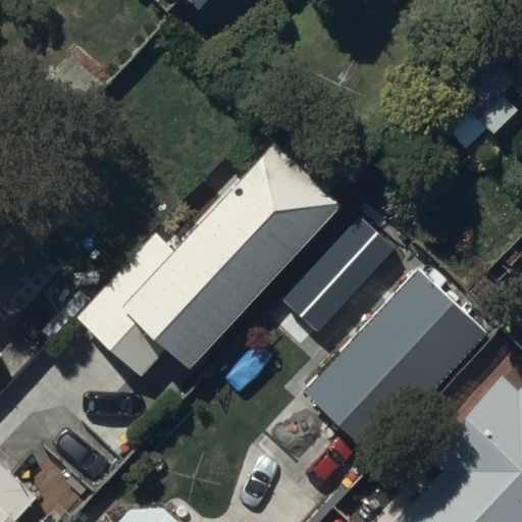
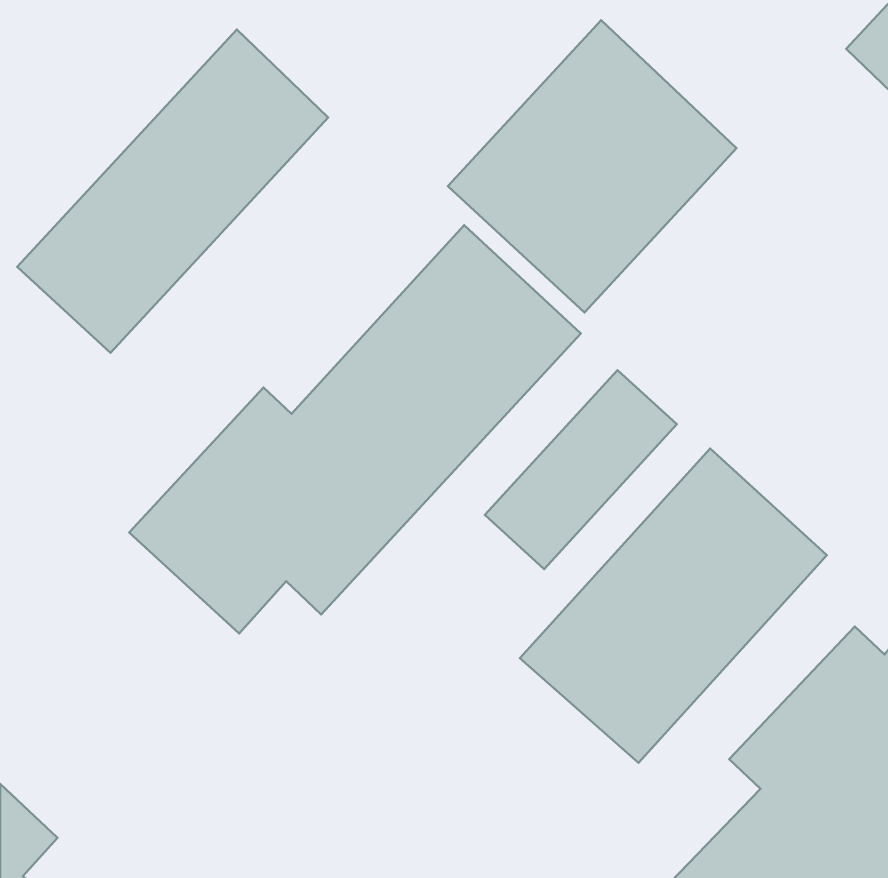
building: none -> [448,20,737,313]
building: none -> [17,29,328,353]

